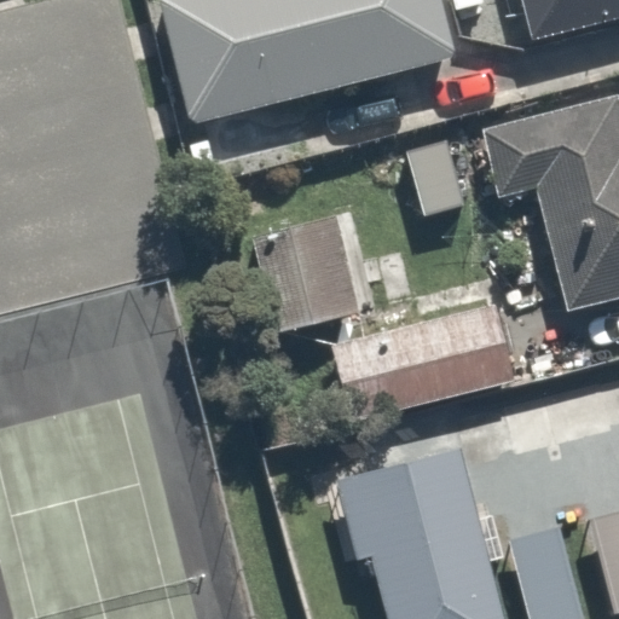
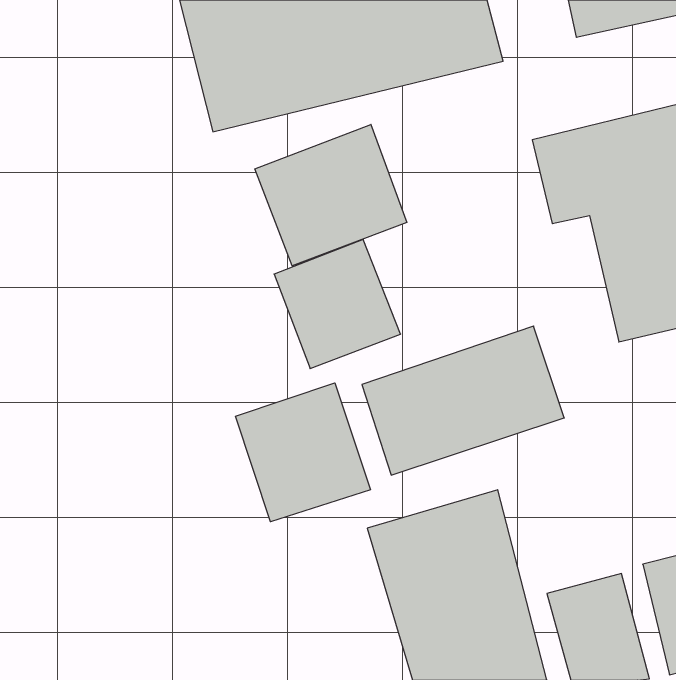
building: none -> [255,124,407,266]
building: none -> [236,383,370,522]

